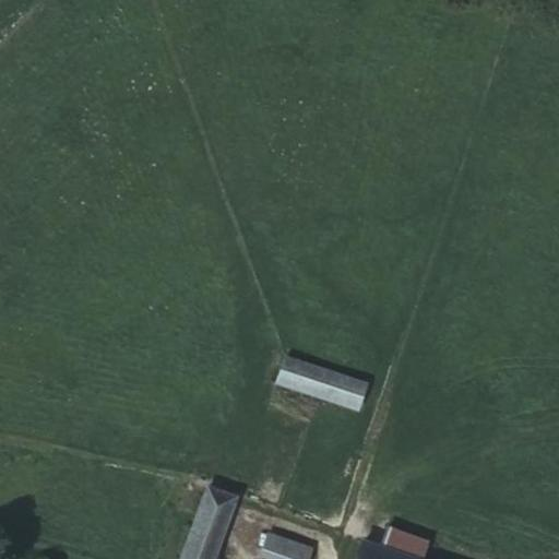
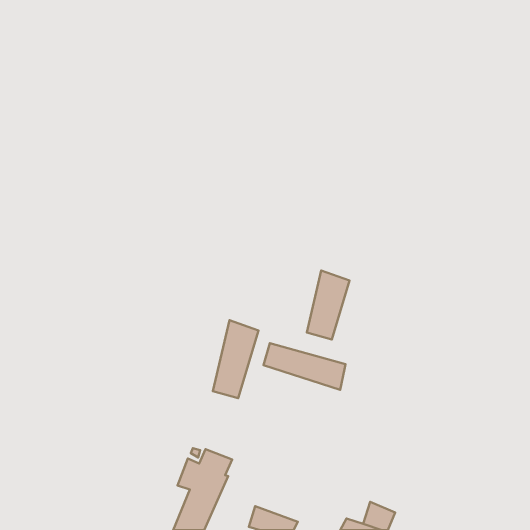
building: none -> [307,271,350,340]
building: none -> [213,320,259,398]

